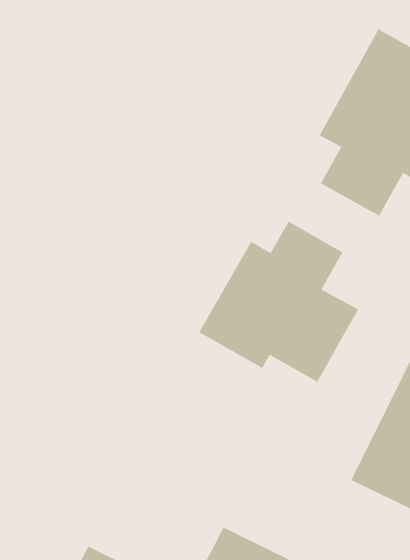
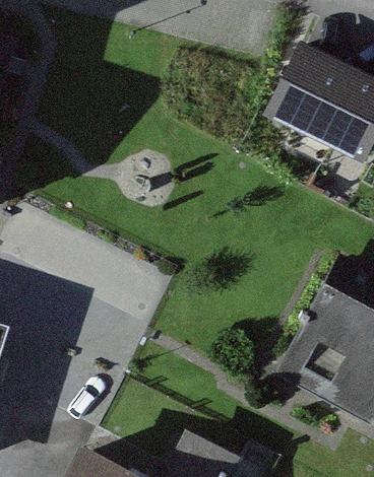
building: [198,221,359,383] -> none

